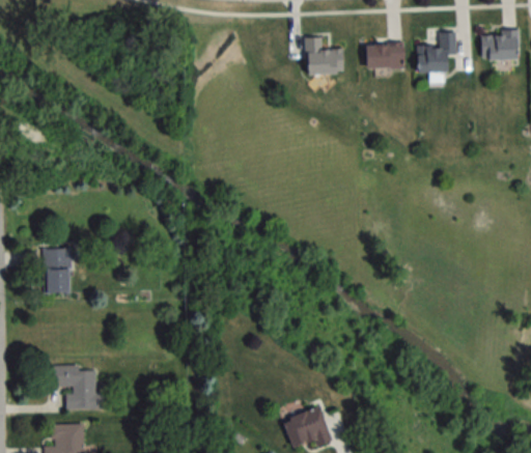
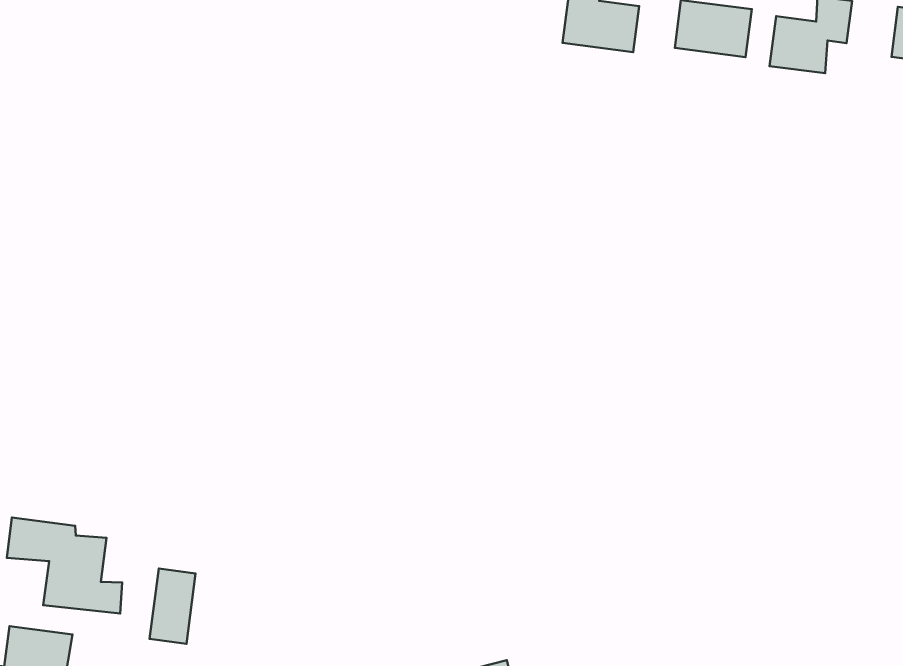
building: [45,250,71,294] -> none
building: none -> [149,569,196,644]

